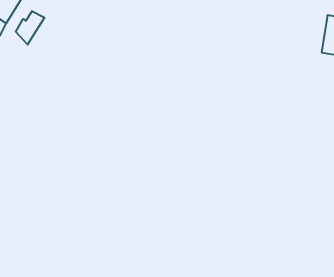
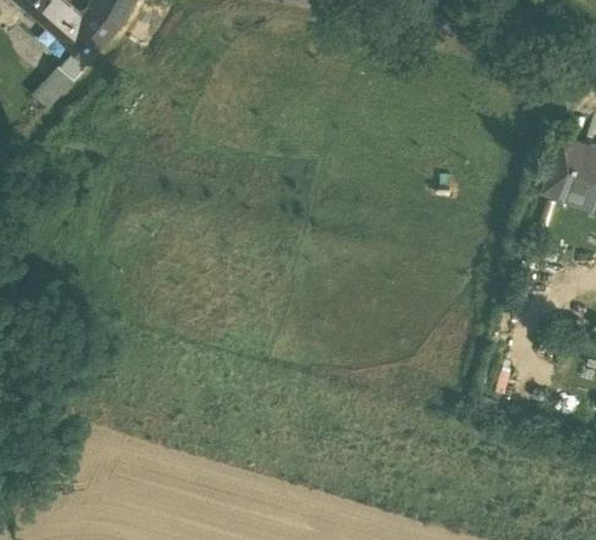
building: [16,11,44,45] -> none

